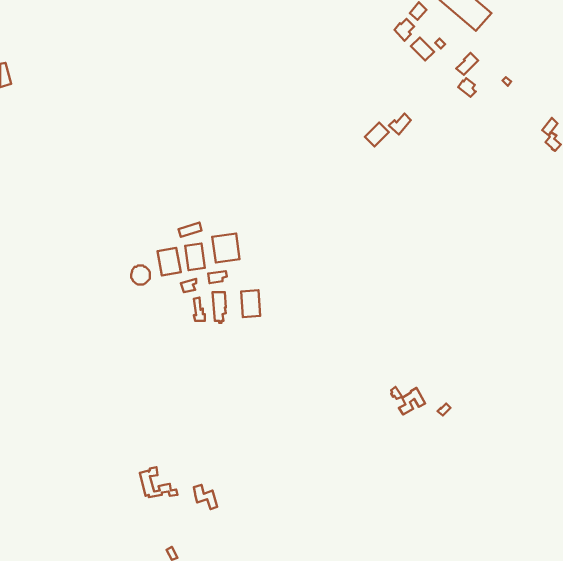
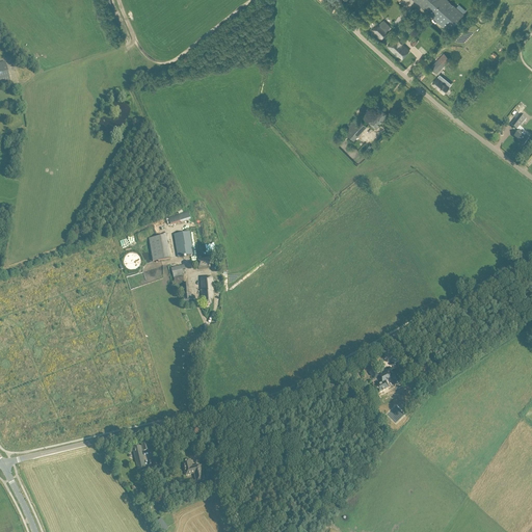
building: [212,234,239,262] -> none
building: [241,290,260,317] -> none

